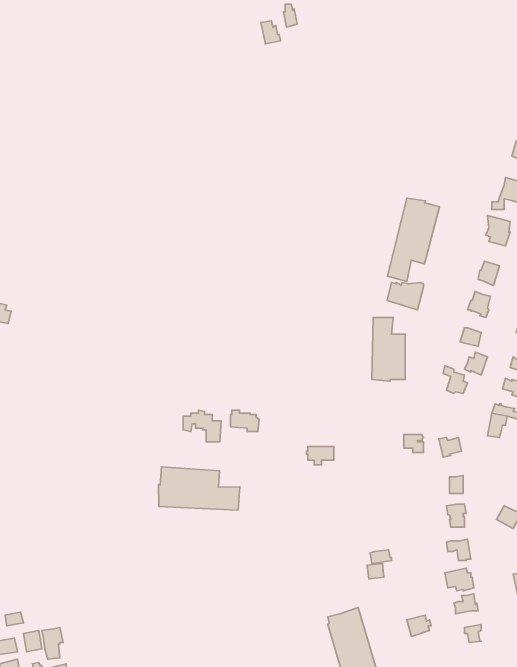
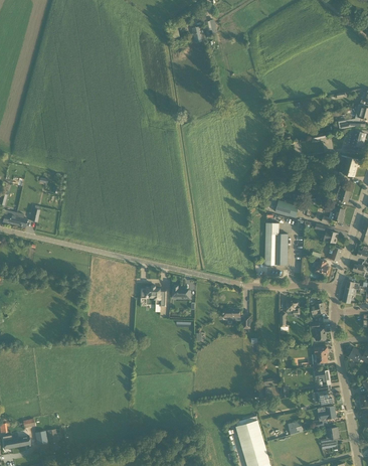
building: [388,198,440,281] -> none
building: [158,467,240,510] -> none

